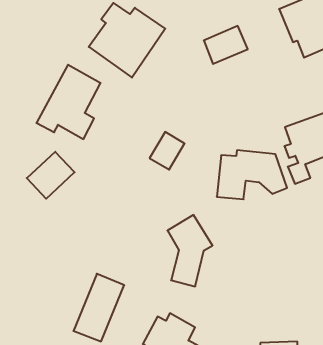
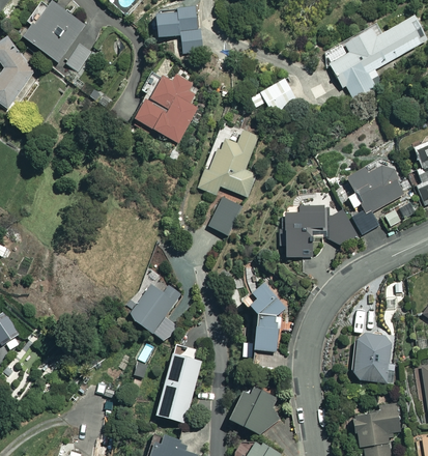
building: [36,65,101,139] -> [199,122,260,197]
building: [27,152,75,199] -> [130,282,178,332]
building: none -> [351,333,392,382]

